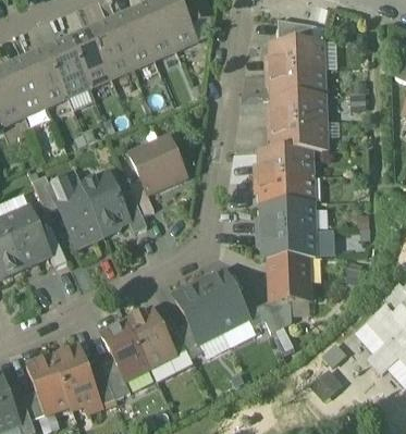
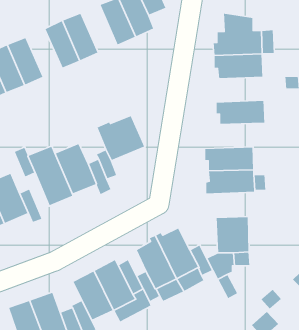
building: [111,10,153,66] -> none
building: [47,38,89,95] -> none
building: [268,95,325,124] -> none
building: [255,149,312,178] -> none
building: [257,230,316,259] -> none

